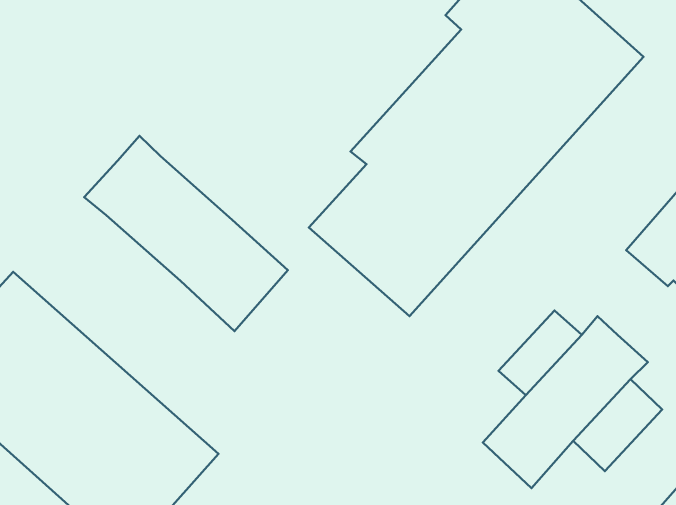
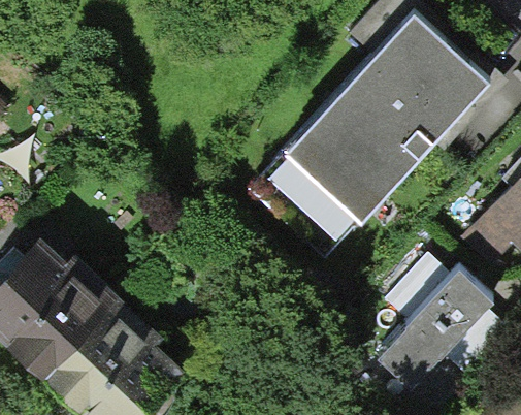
building: [84,136,288,331] -> none

